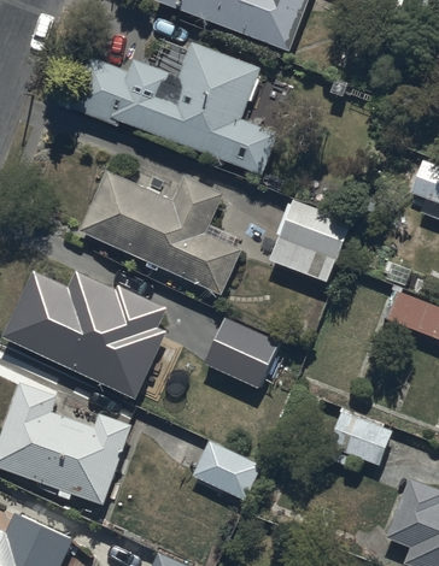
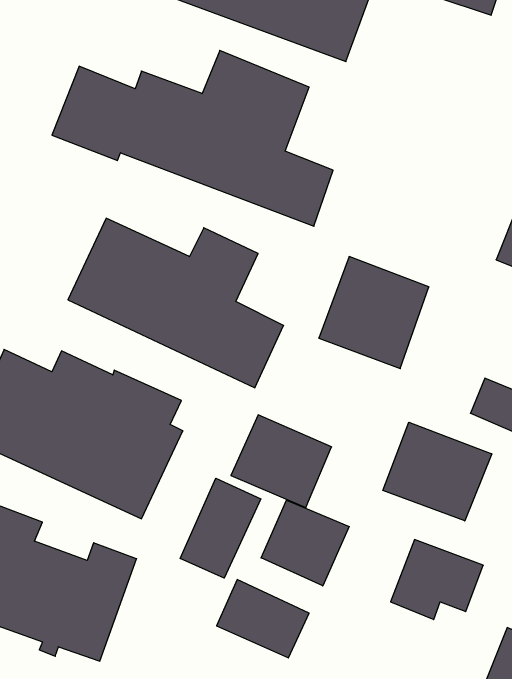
building: none -> [383,422,492,521]
building: none -> [180,478,261,578]
building: none -> [261,500,349,586]

